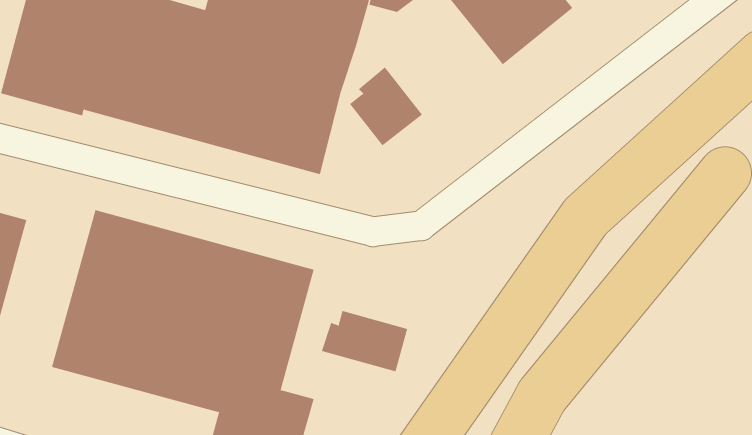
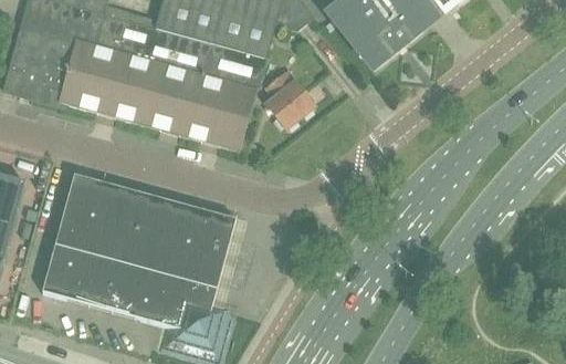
building: [321,310,408,372] -> none

